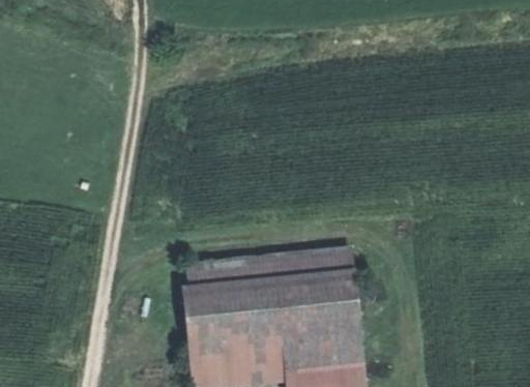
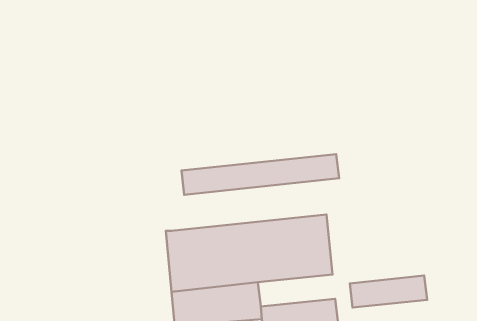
building: [186,245,355,289] -> [181,154,339,195]
building: [282,335,364,369] -> [350,276,427,308]

